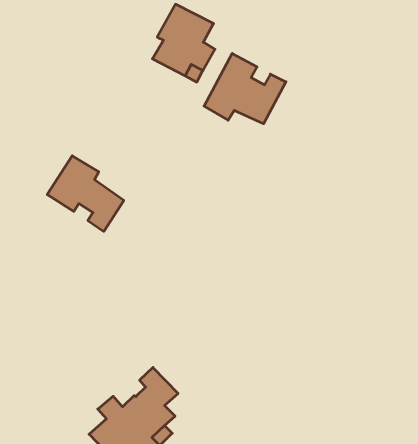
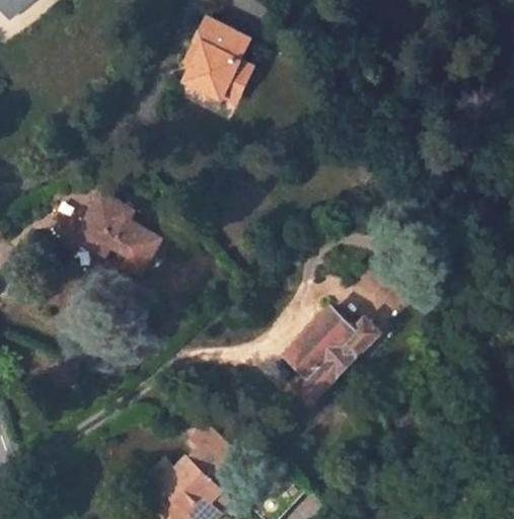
building: [204,53,286,124] -> none
building: none -> [284,309,377,403]

